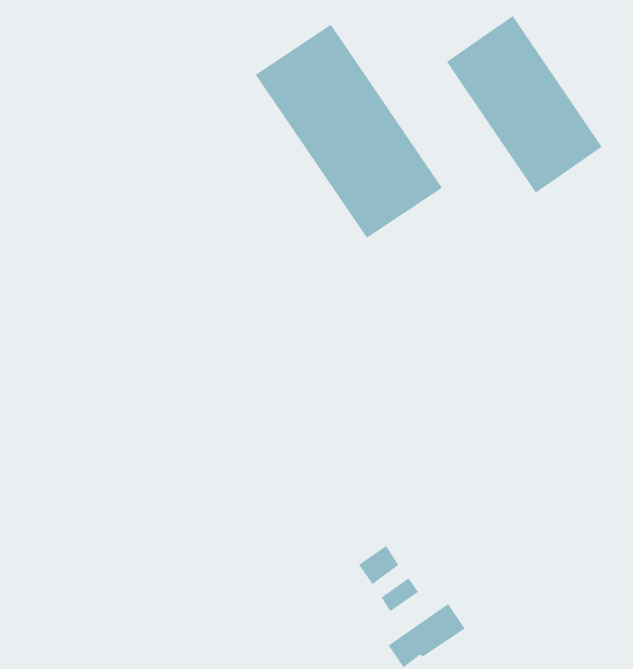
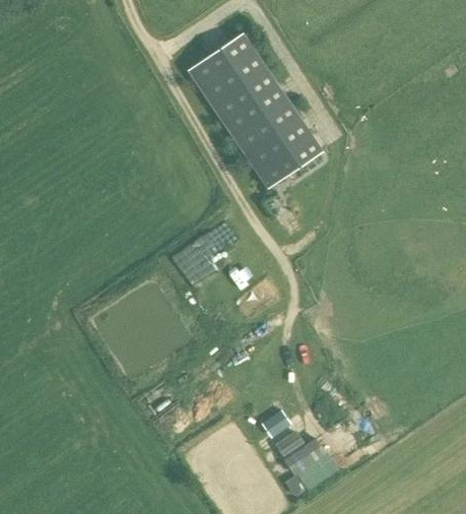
building: [446,15,603,193] -> none
building: none -> [284,436,327,473]

